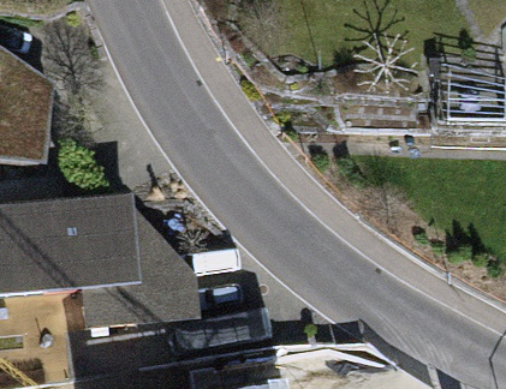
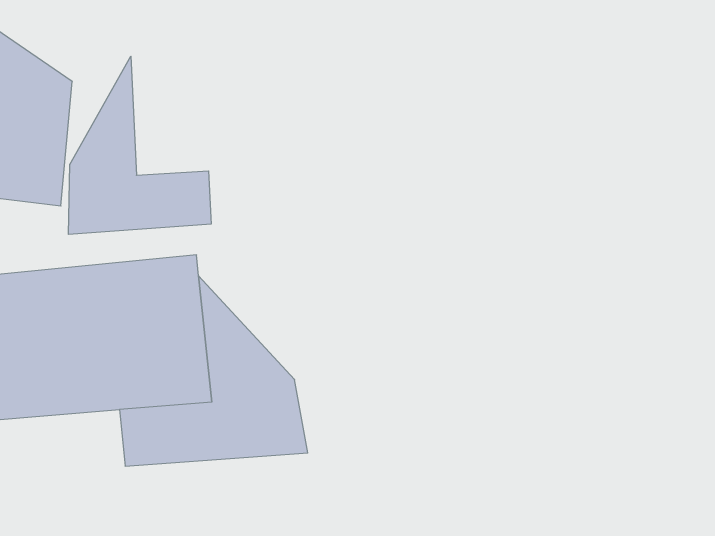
building: none -> [69,56,211,234]

